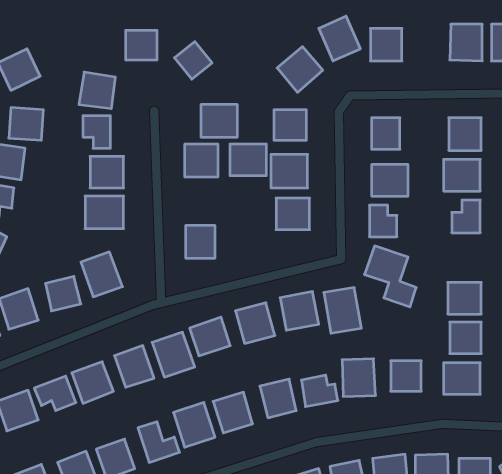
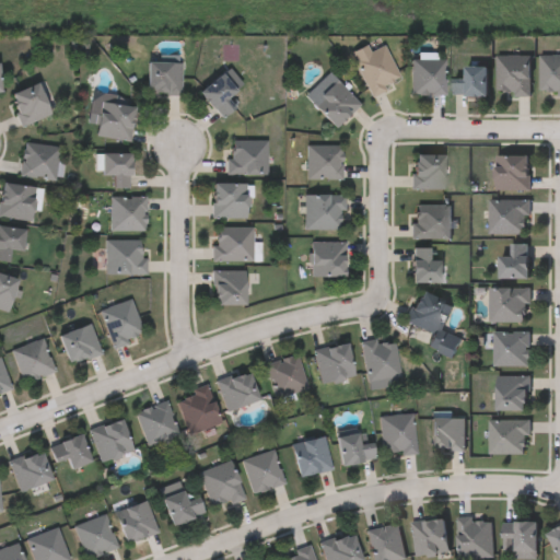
building: none -> [454,65,489,94]
building: [230,144,266,176] -> [213,226,253,260]
building: none -> [490,287,529,322]

